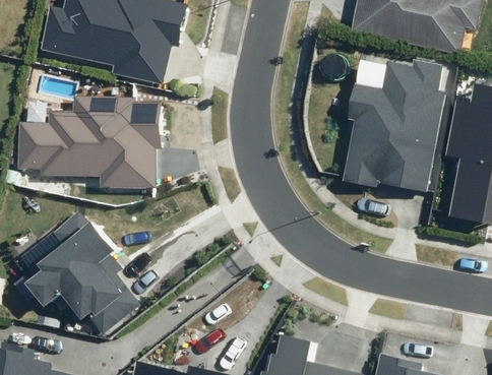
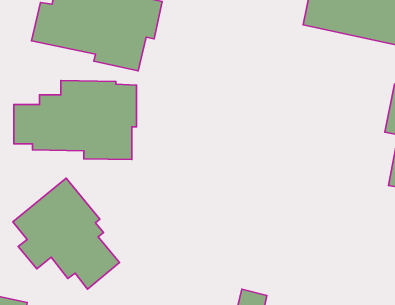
building: [342,58,445,191] -> none

